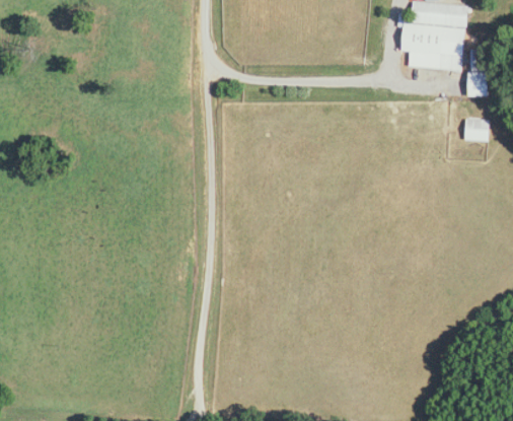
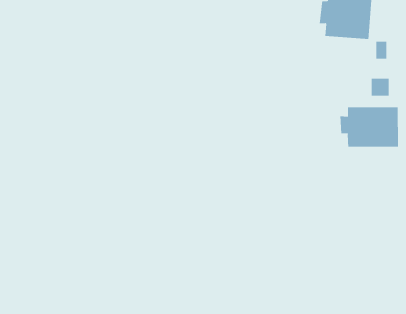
building: none -> [340,106,398,148]

